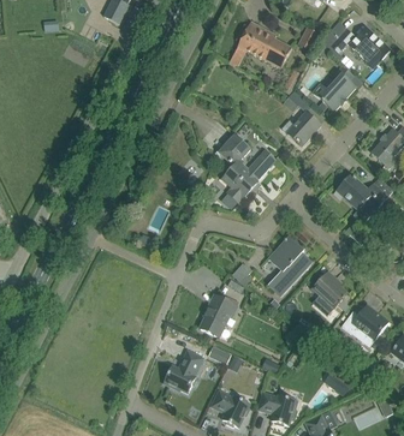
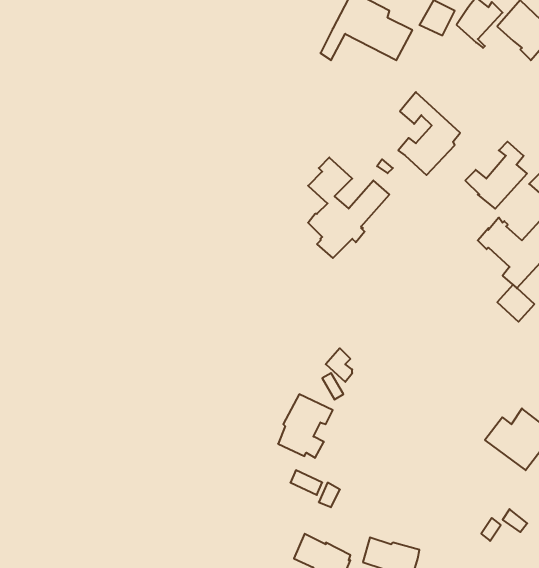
building: [313,65,355,111] -> [465,142,527,209]
building: [268,235,310,297] -> none
building: [311,271,346,307] -> none
building: [164,350,202,393] -> none

